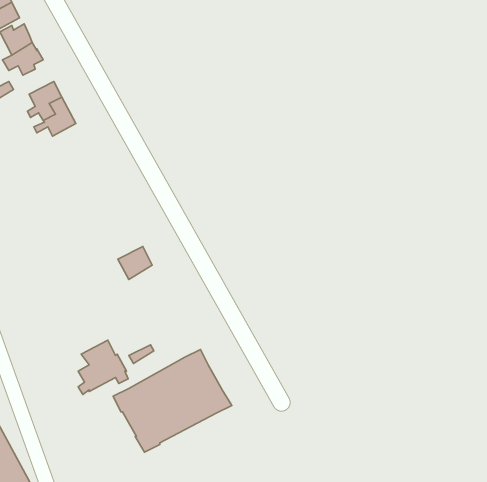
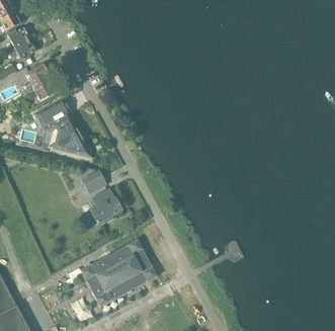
building: none -> [31,98,91,158]
building: [78,340,128,395] -> [89,190,121,226]

